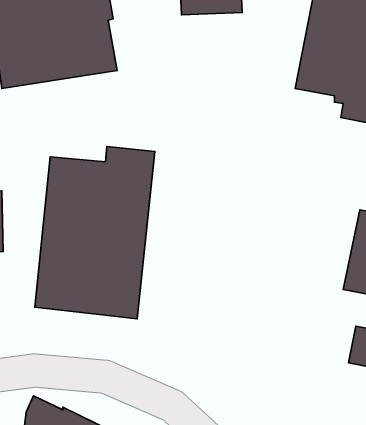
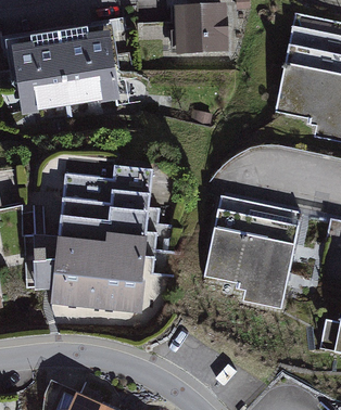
building: none -> [203,196,302,315]

